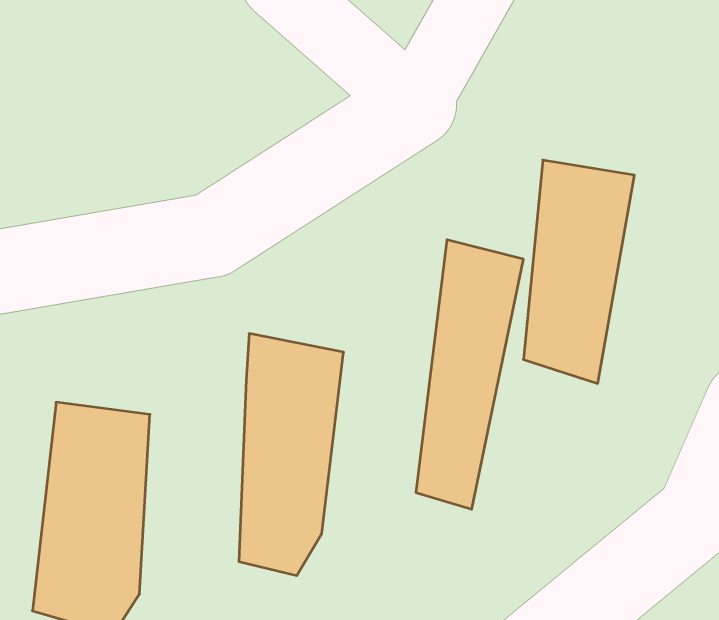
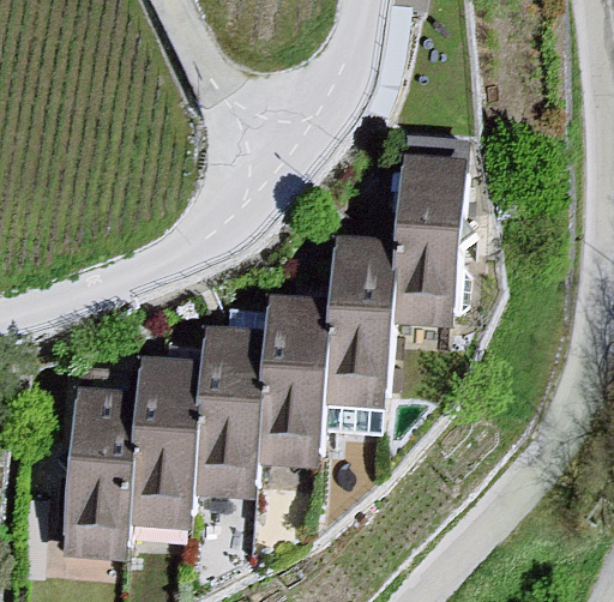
building: none -> [289,294,356,469]
building: none -> [148,356,231,534]

